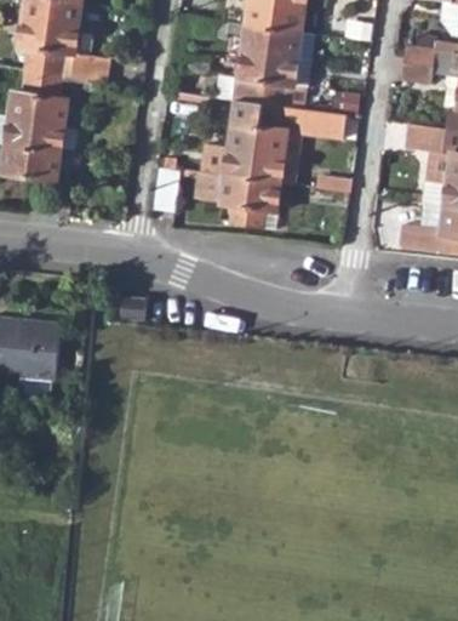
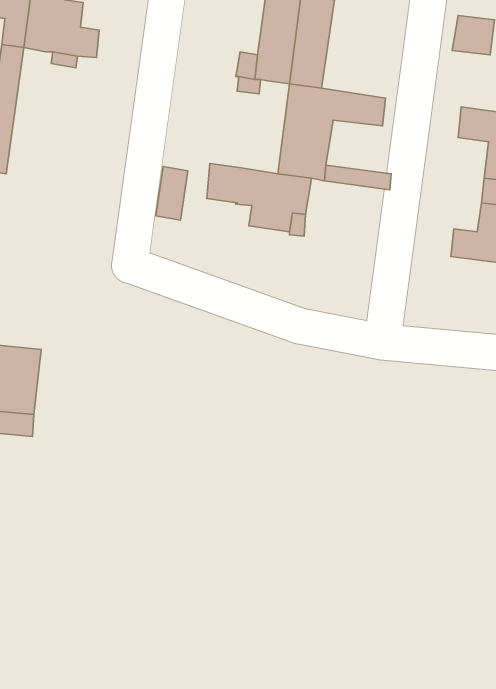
building: [29,72,68,181] -> none
building: [225,99,265,177] -> none

